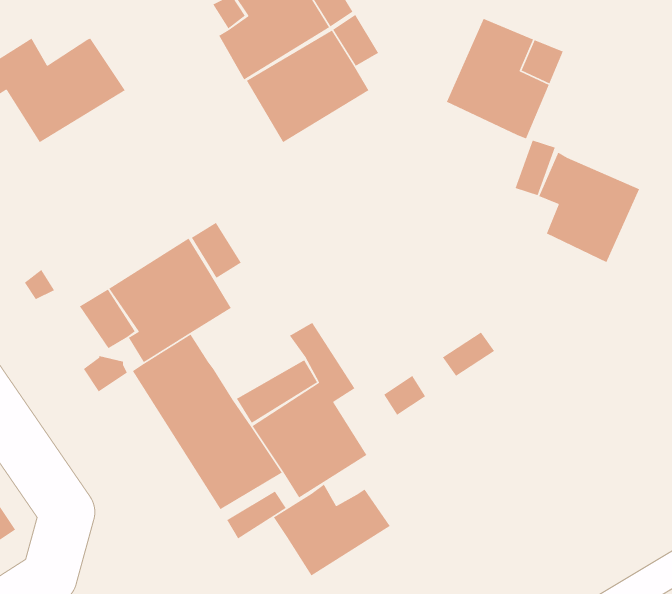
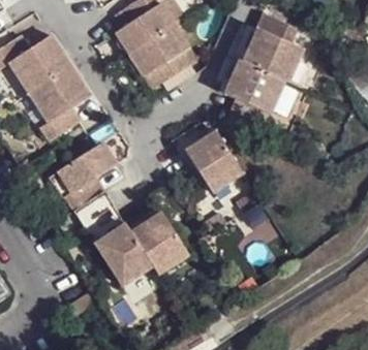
building: none -> [24,62,88,139]
building: [538,151,640,263] -> [220,66,274,125]
building: none -> [185,131,245,191]
building: [273,483,391,577] -> none

